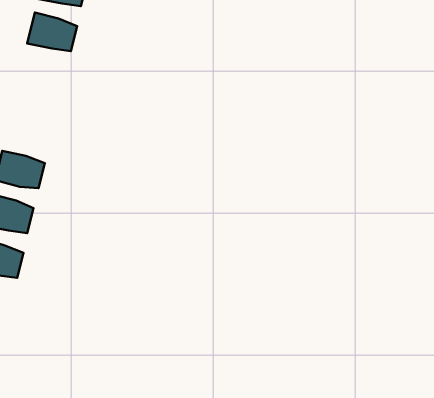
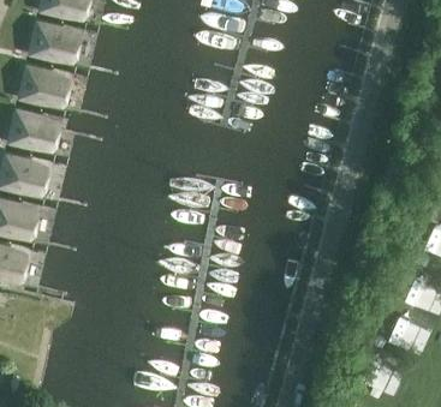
building: none -> [22,65,68,102]
building: none -> [11,109,59,145]

